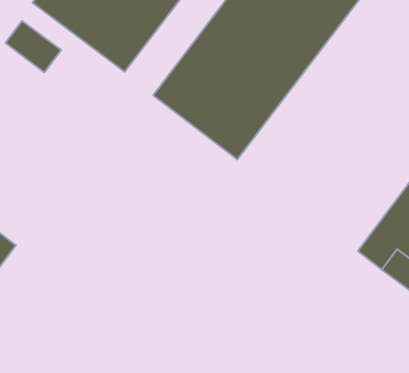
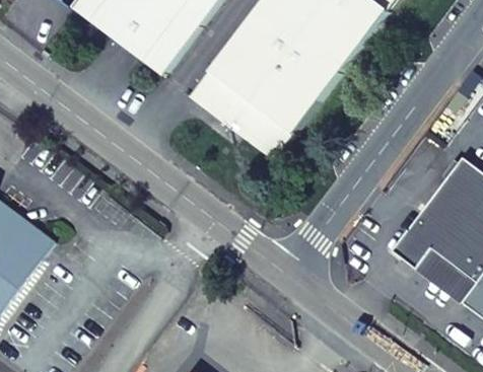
building: [5,21,61,72] -> none

